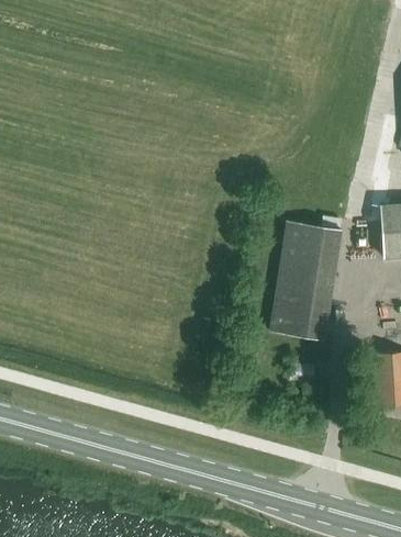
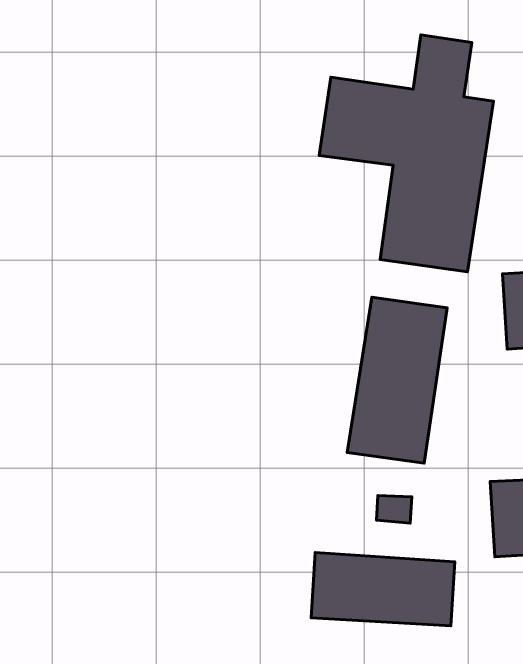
building: none -> [319,35,494,272]
building: none -> [311,553,455,626]

